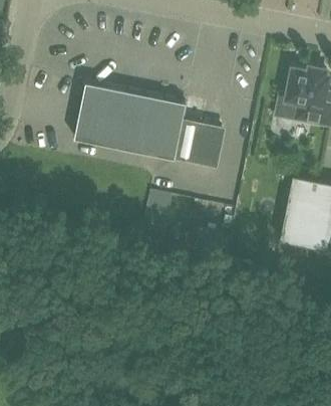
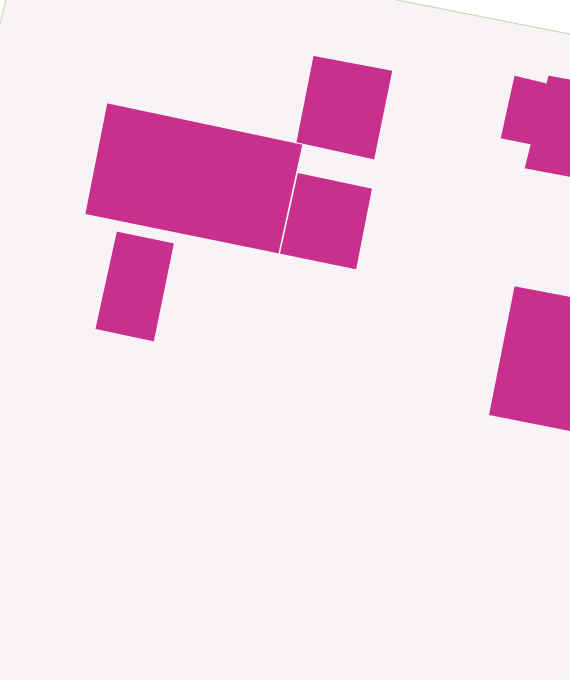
building: none -> [296,55,393,160]
building: none -> [95,231,174,342]

